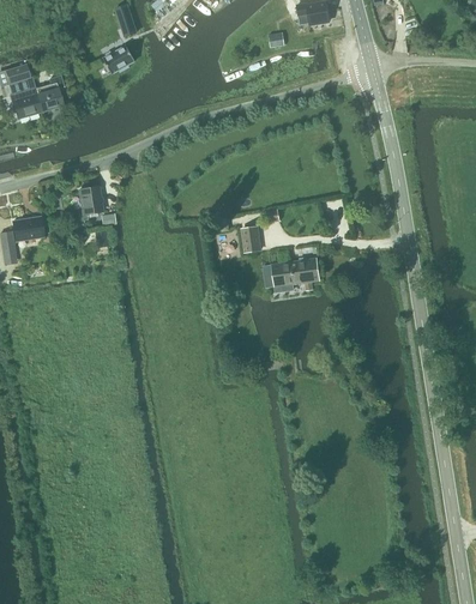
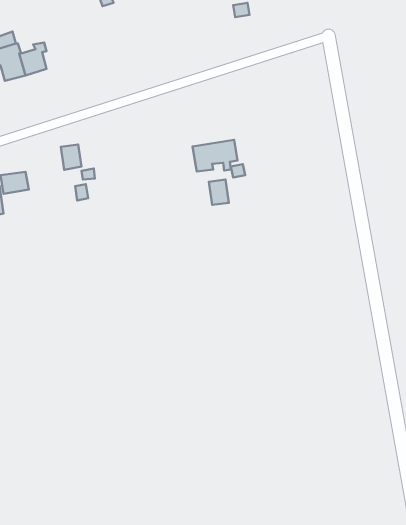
building: [103,43,135,73] -> none
building: [271,256,320,291] -> [192,140,237,172]

